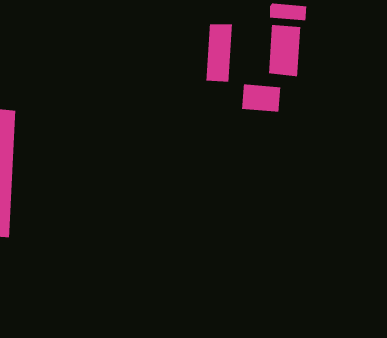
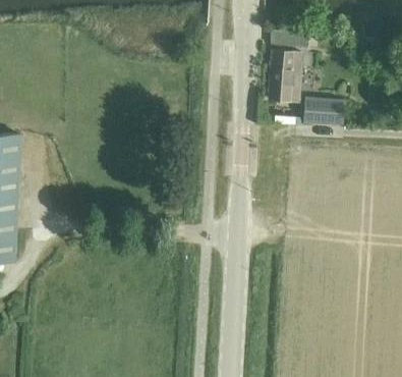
building: [206,24,233,83] -> none
building: [241,84,281,113] -> [303,98,343,126]

